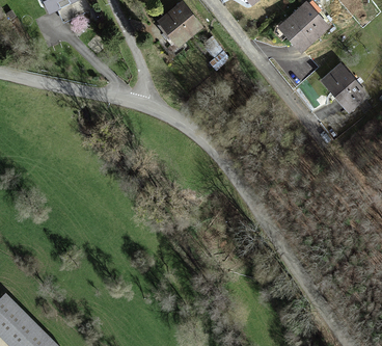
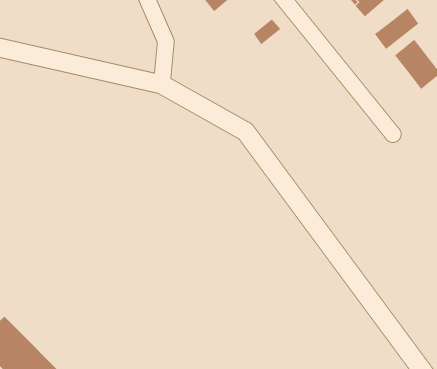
building: none -> [374,8,419,50]

